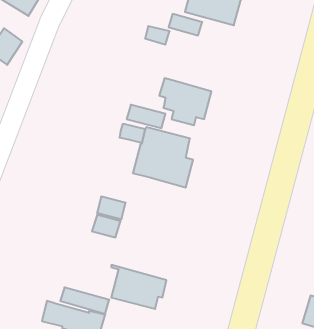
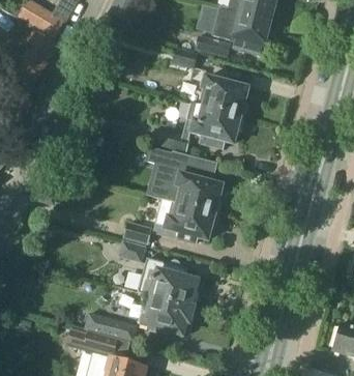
building: none -> [202,76,247,114]
building: none -> [153,197,213,242]
building: none -> [138,258,198,306]

